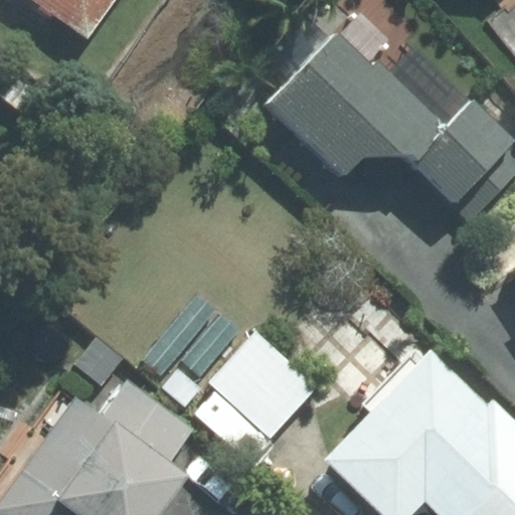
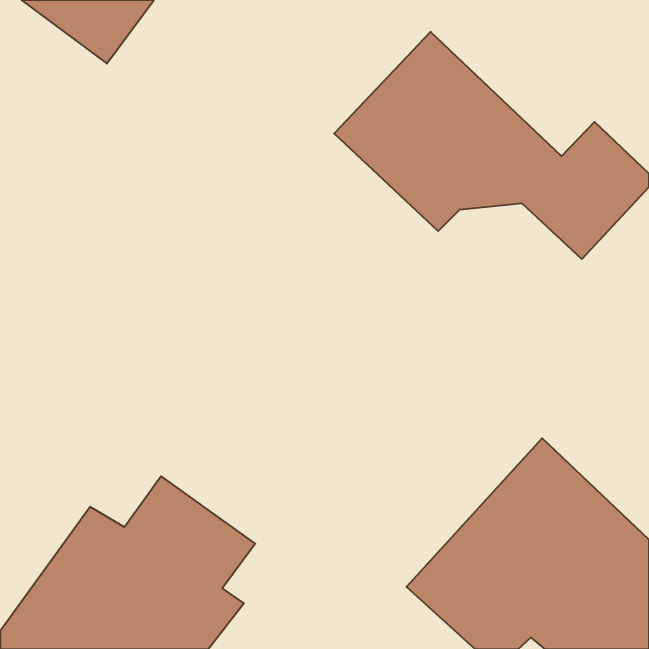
building: [136,292,318,441] -> none

